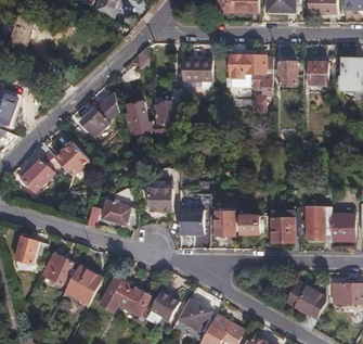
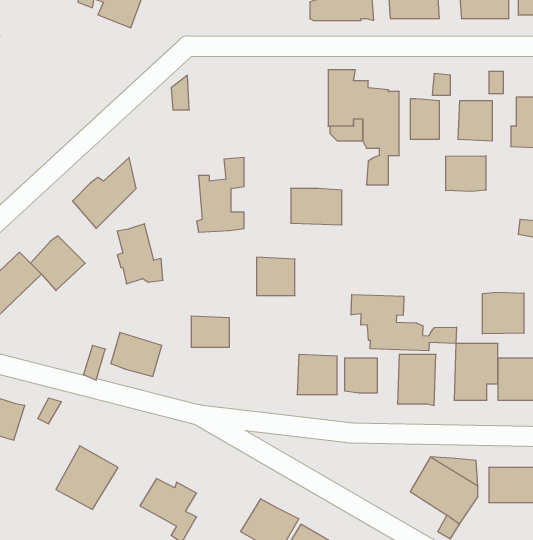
building: [181,61,211,82] -> [291,188,342,225]
building: none -> [446,156,486,191]
building: [126,101,153,137] -> [117,224,163,284]
building: none -> [482,292,524,334]
building: none -> [351,294,457,351]
building: [180,212,203,234] -> [257,257,295,296]
building: [46,254,78,288] -> none
building: [101,277,131,311] -> none
building: [153,291,182,319] -> none

